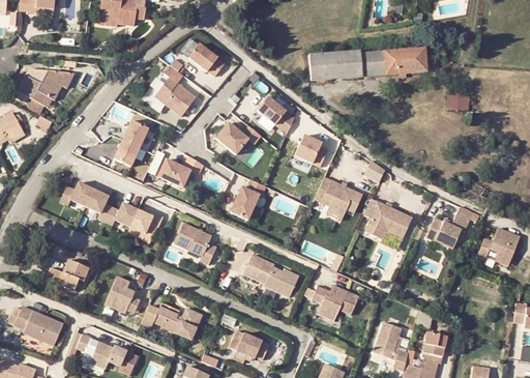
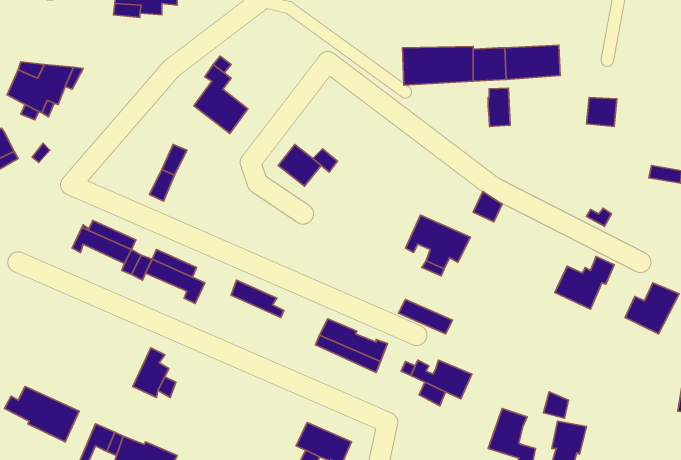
building: [187,42,223,75] -> none
building: none -> [488,88,510,127]
building: [257,97,290,132] -> none
building: [293,134,325,166] -> none
building: [156,155,202,185] -> none
building: [228,178,265,219] -> none
building: [363,198,410,239] -> none
building: [176,236,217,266] -> none
building: [47,257,88,289] -> none
building: [141,301,202,339] -> none

